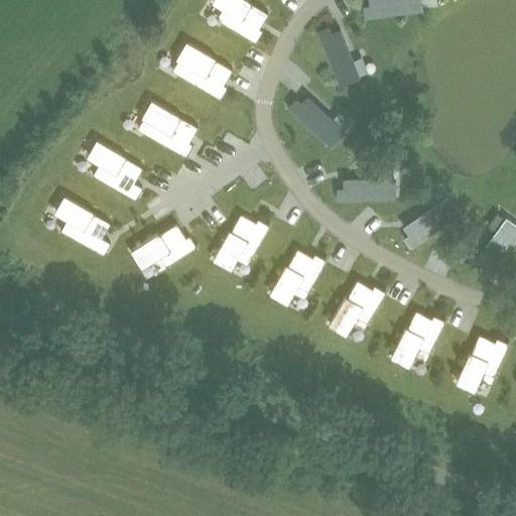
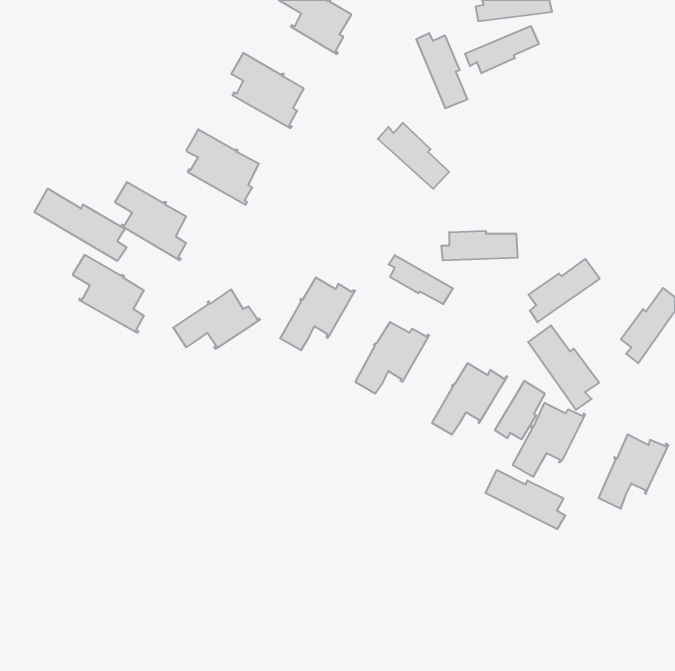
building: none -> [465,26,539,73]
building: none -> [34,189,127,261]
building: none -> [389,255,453,304]
building: none -> [528,325,599,410]
building: none -> [495,381,545,439]
building: none -> [486,470,565,529]

